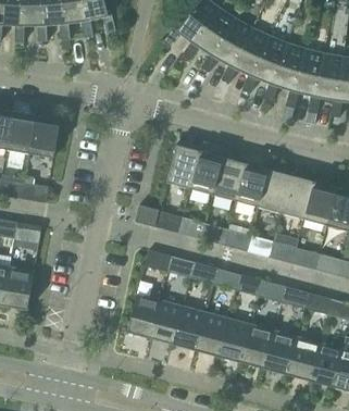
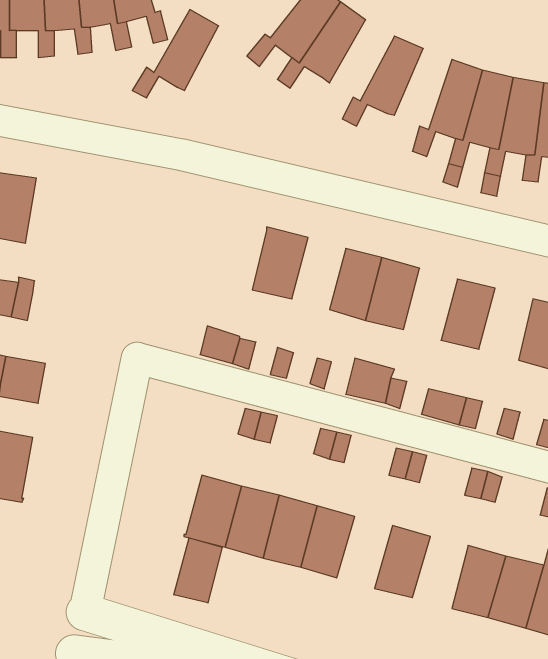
building: [201,20,253,73] -> [132,10,219,98]
building: [242,37,288,94] -> none
building: [30,115,62,158] -> none
building: [191,151,224,195] -> none
building: [259,170,291,213] -> none
building: [304,182,337,225] -> none
building: [219,320,252,363] -> none
building: [264,332,298,375] -> none
building: none -> [174,538,222,603]

